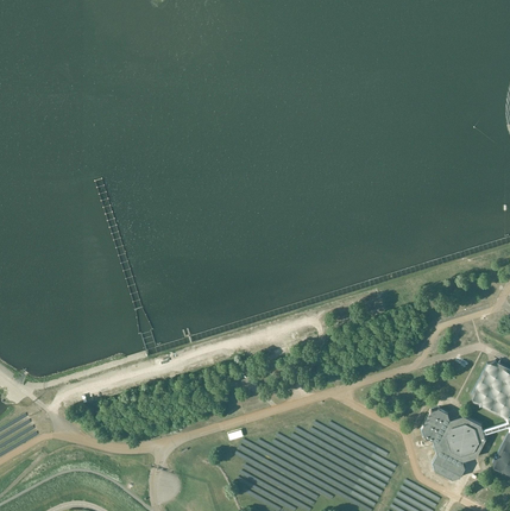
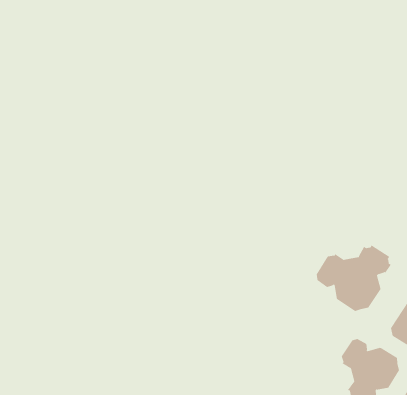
building: none -> [316,244,392,312]

